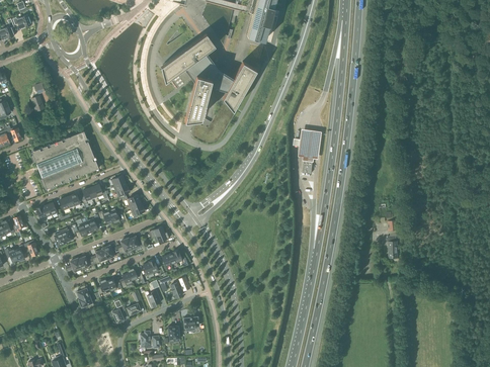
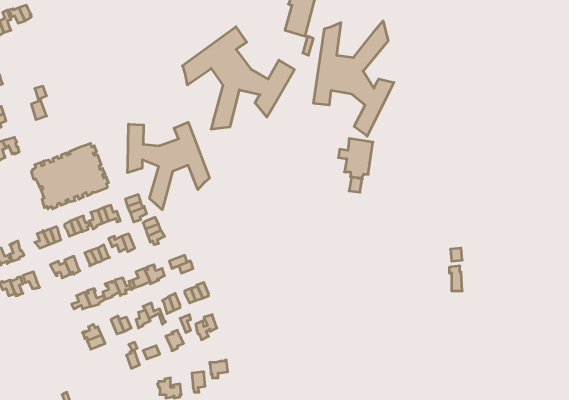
building: none -> [314,21,394,136]
building: none -> [128,122,209,210]

